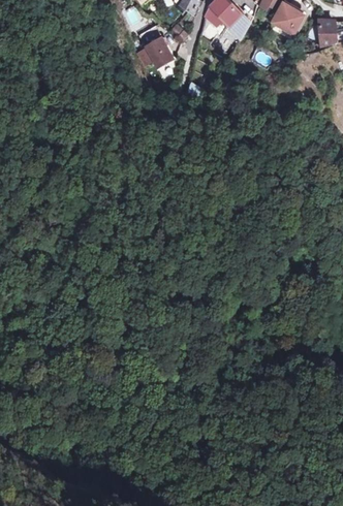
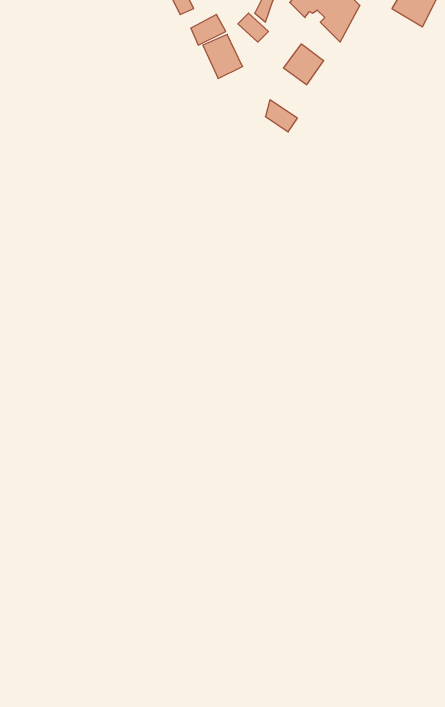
building: none -> [283,44,324,85]

